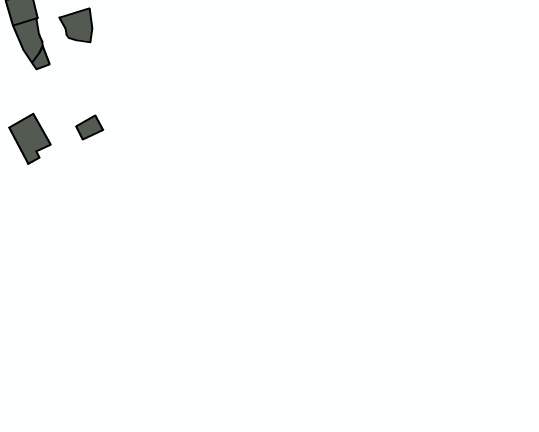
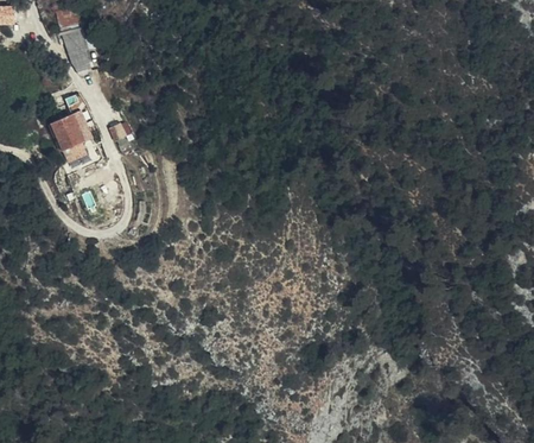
building: [59,8,92,42] -> none

